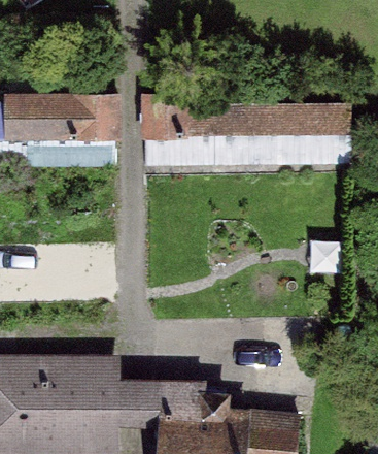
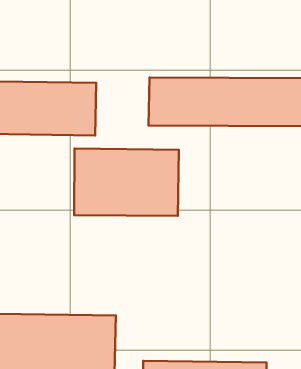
building: none -> [74,148,179,216]

